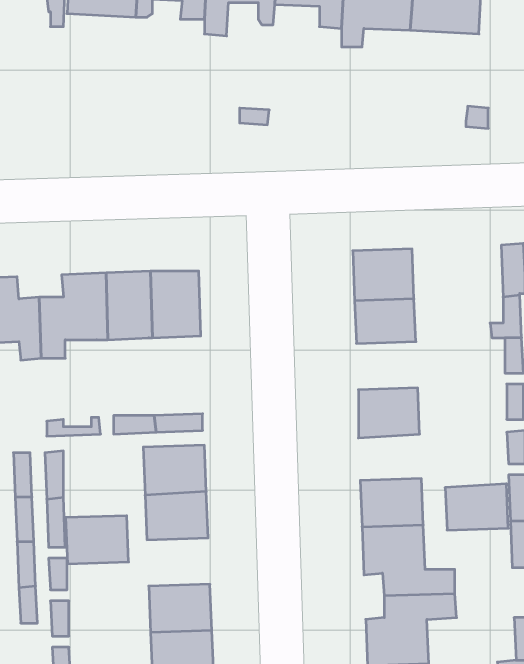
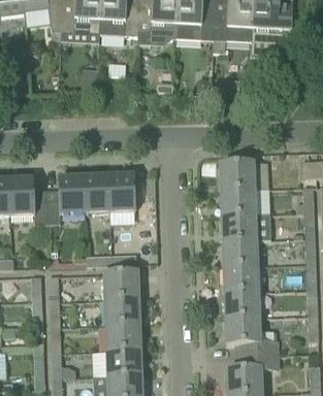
building: none -> [222,213,256,240]
building: [445,484,508,530] -> [223,265,258,291]
building: [66,516,129,564] -> [105,323,140,350]

